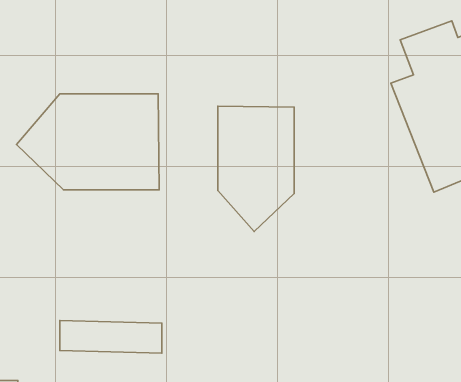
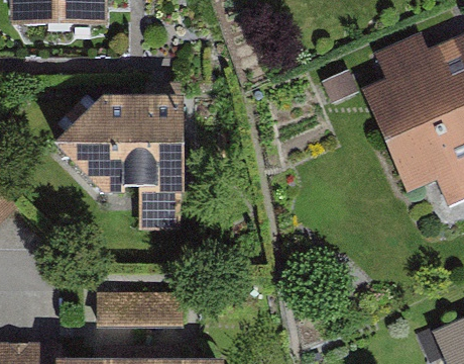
building: [218,106,294,231] -> none

